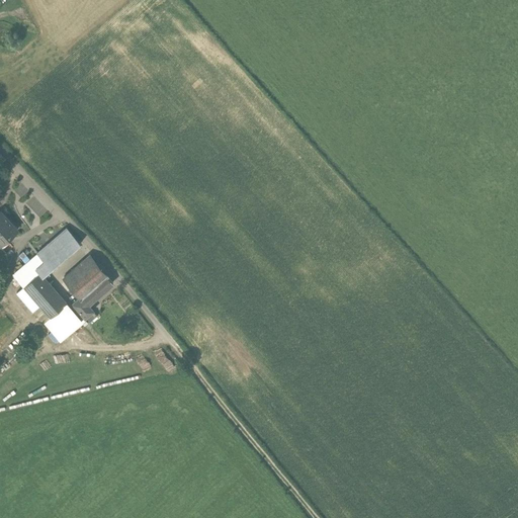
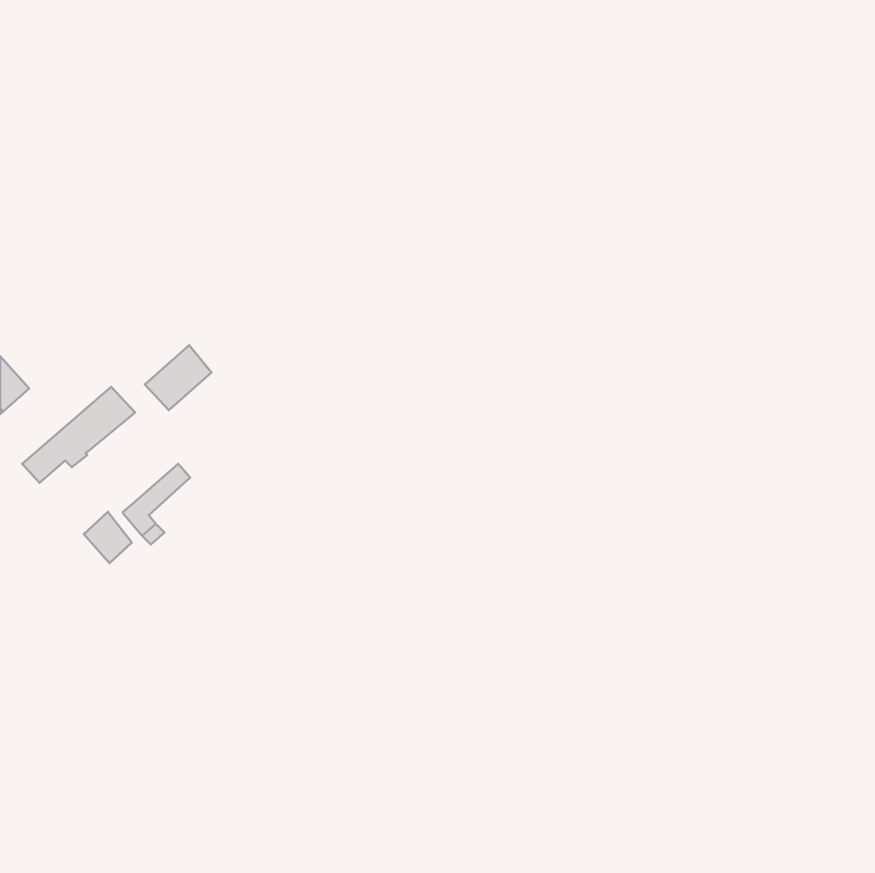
building: [66,259,105,297] -> [145,345,212,410]
building: [23,273,65,317] -> none

